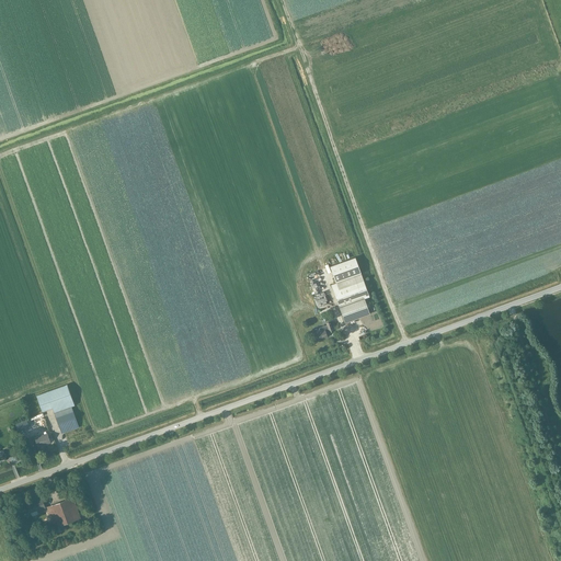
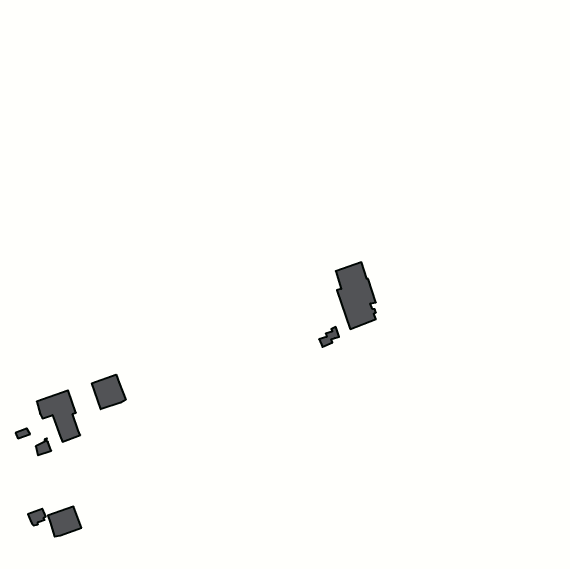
building: none -> [92,375,126,409]

